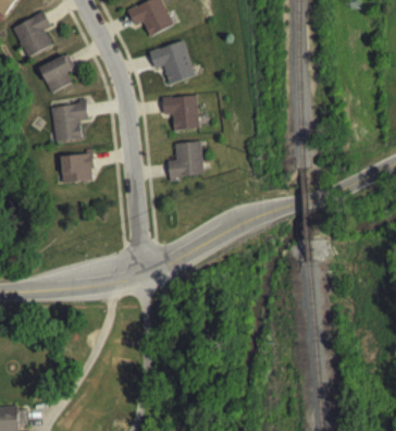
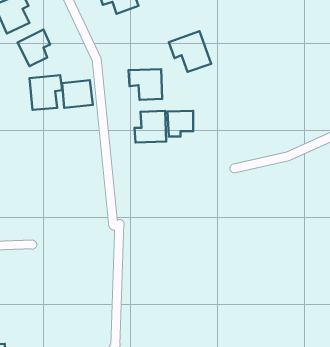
building: [148,40,195,85] -> [169,31,211,72]
building: none -> [167,111,193,137]
building: [61,153,95,184] -> [62,80,93,108]

